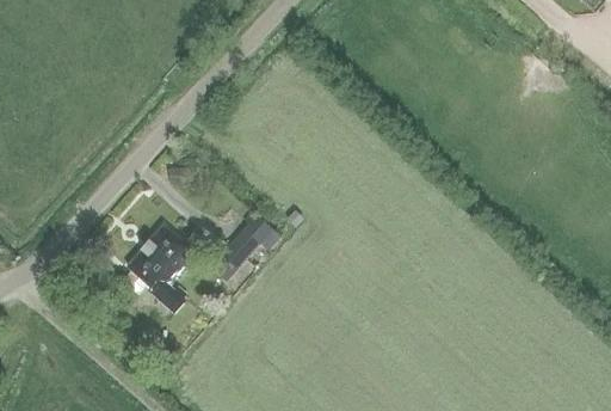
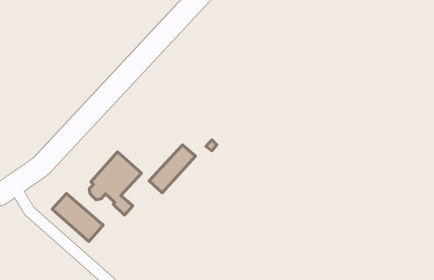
building: none -> [52,194,103,242]

